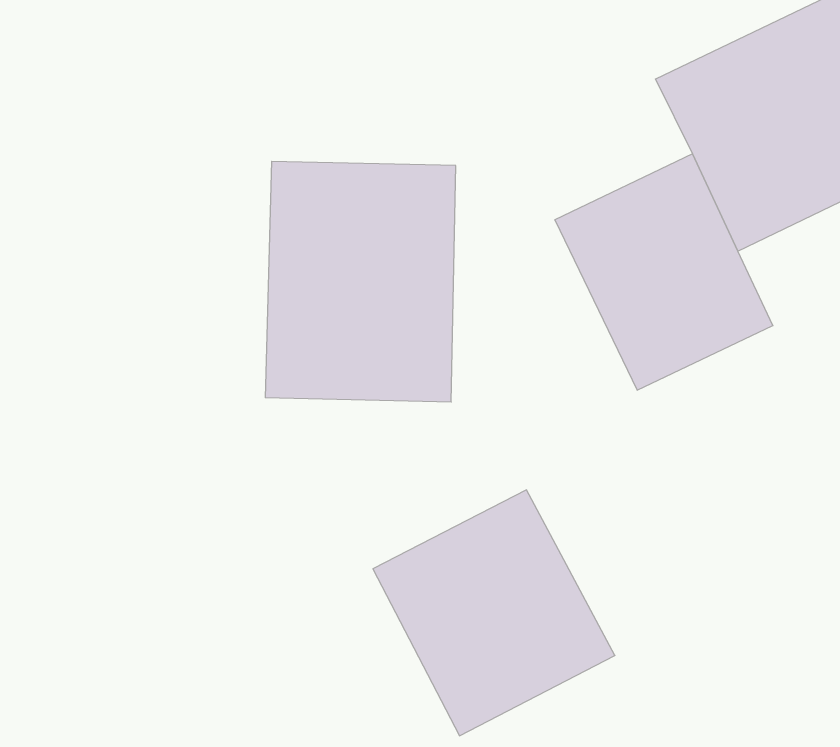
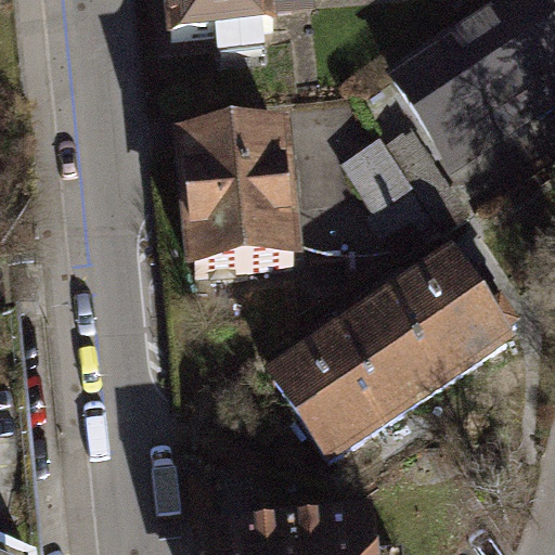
building: none -> [349,260,515,417]

